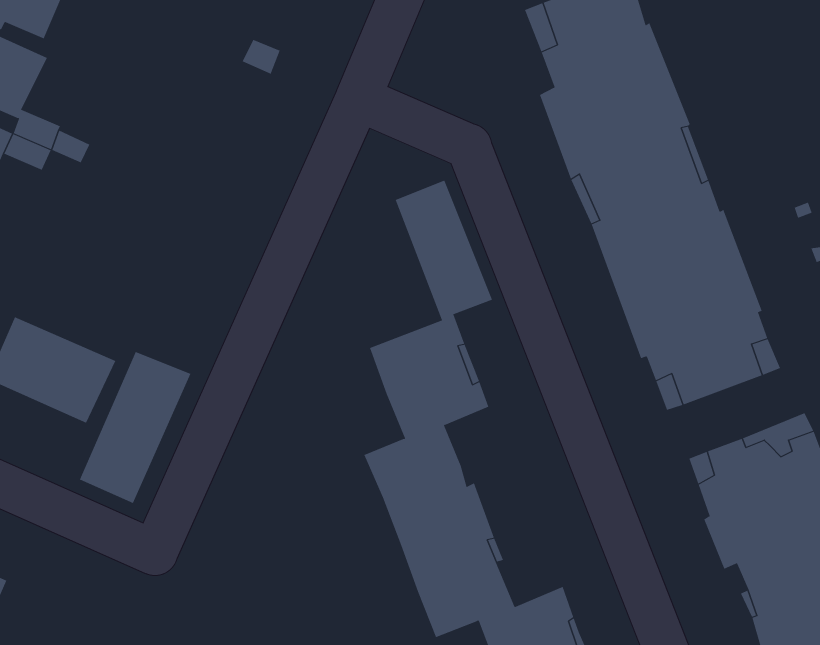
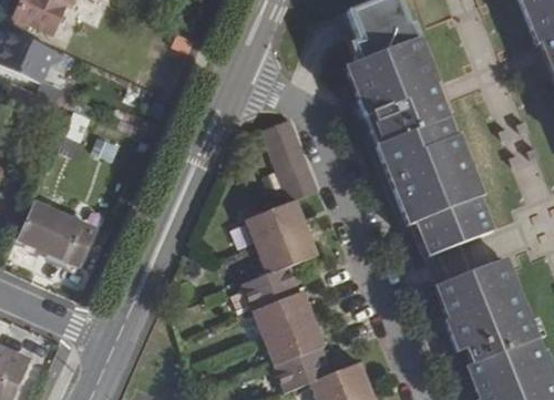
building: [79,351,191,504] -> none

